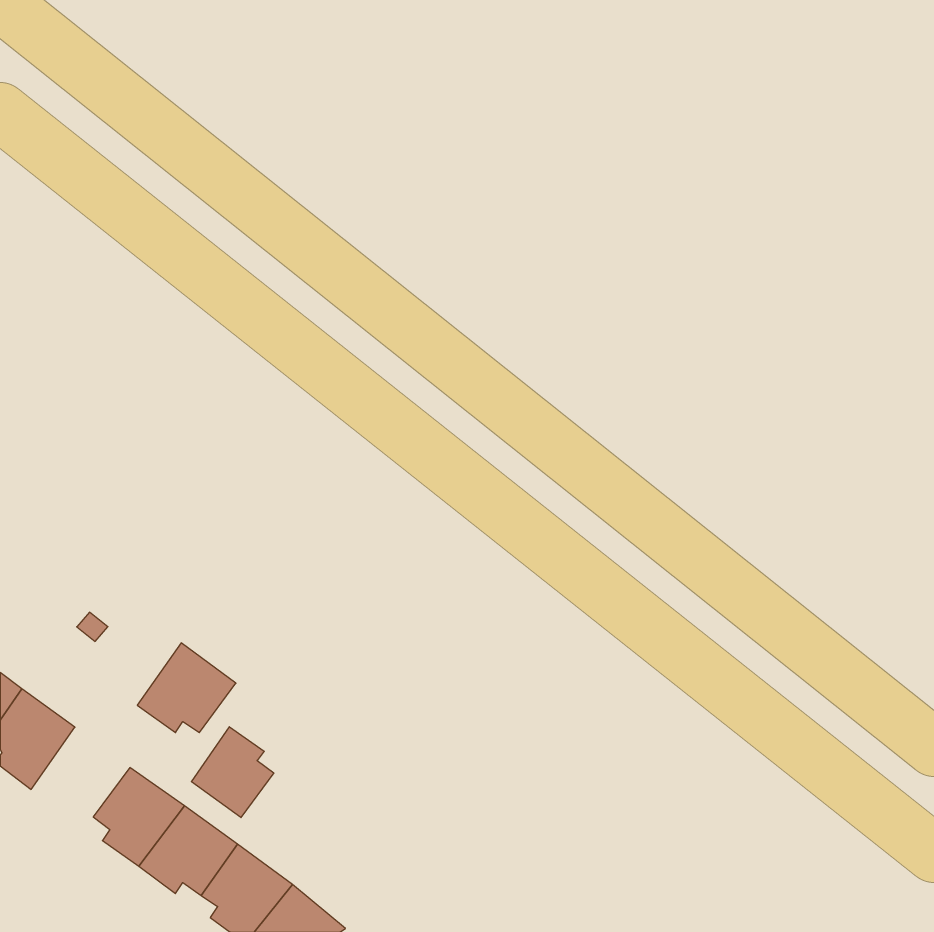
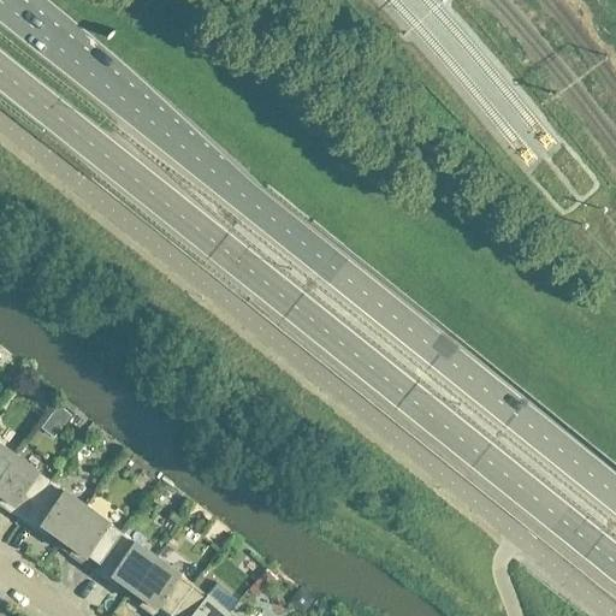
building: [137,643,236,733] -> [20,479,85,538]
building: [191,727,274,818] -> none

